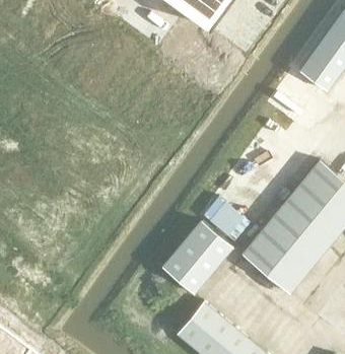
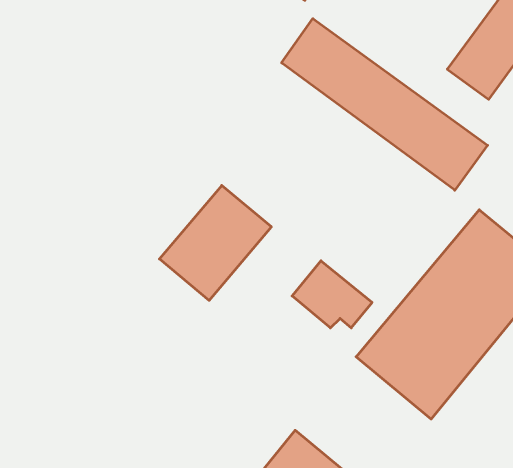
building: none -> [282,19,488,190]
building: [161,221,232,294] -> [159,185,271,300]

